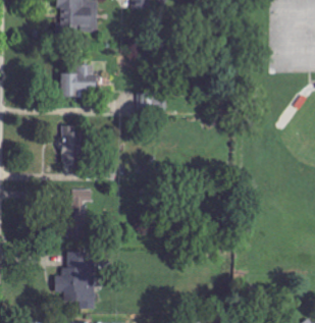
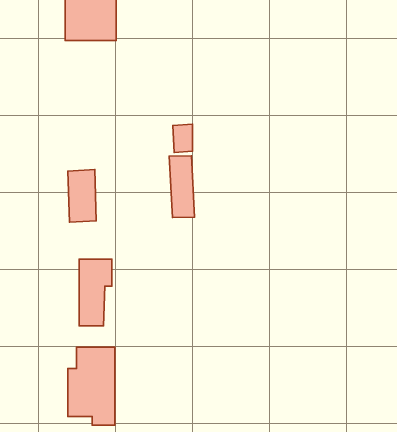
building: [60,64,96,97] -> none
building: none -> [169,156,195,218]

